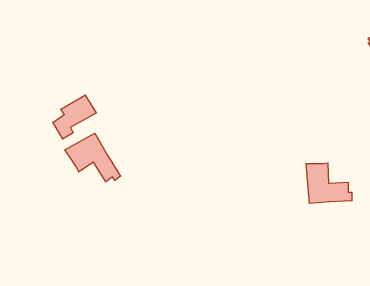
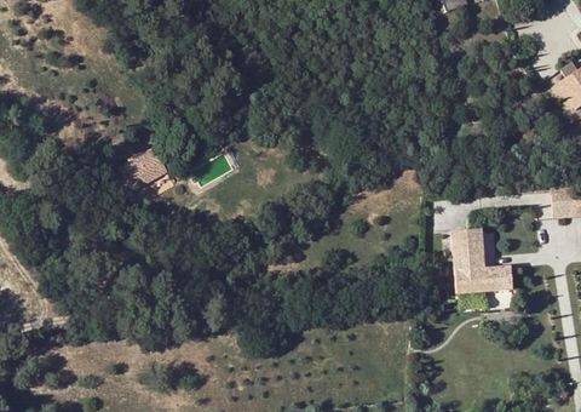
building: [65,133,121,182] -> none

